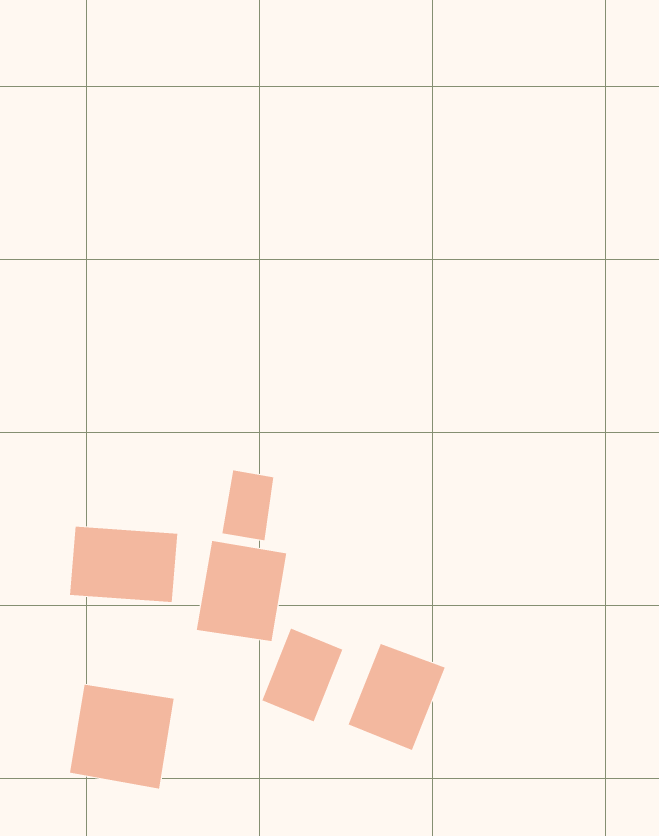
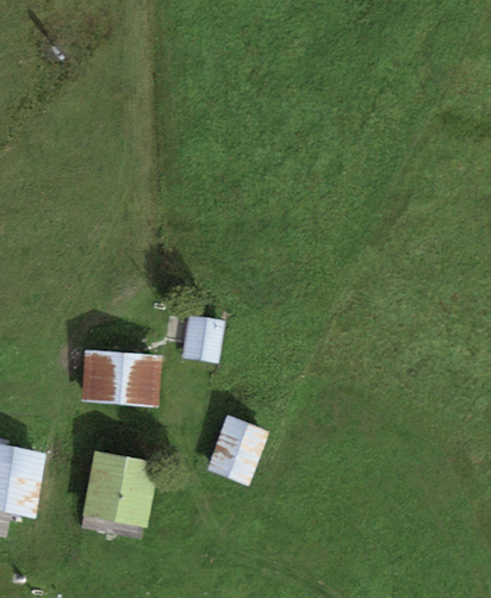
building: [196,540,287,642] -> none
building: [348,643,445,751] -> none

